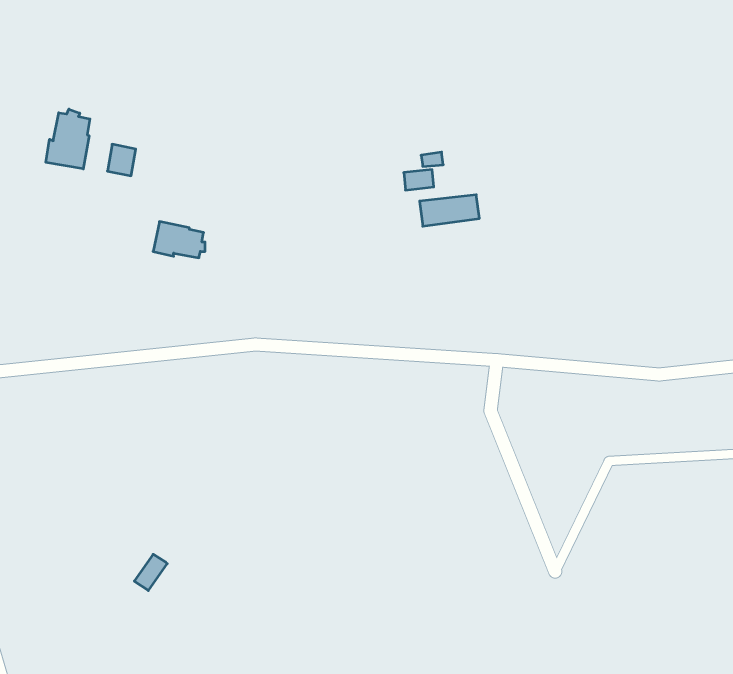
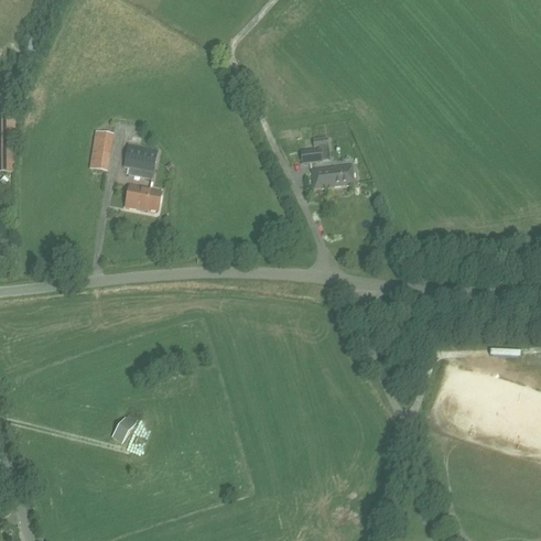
building: [46,109,90,169] -> none
building: none -> [123,143,156,172]

